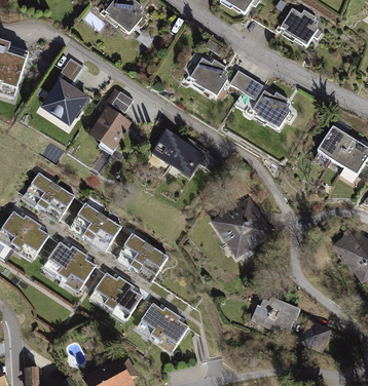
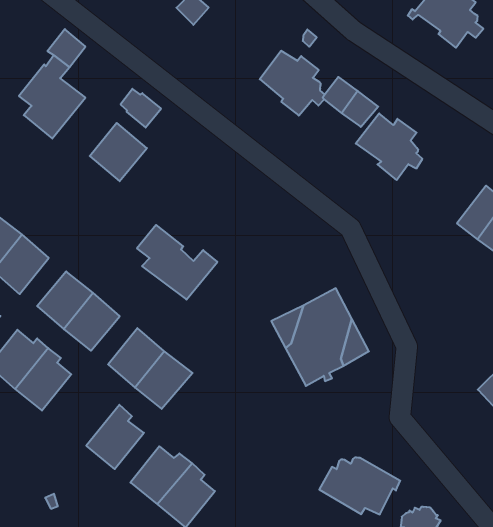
building: [156,132,206,176] -> [137,225,217,300]
building: [90,273,125,308] -> none

